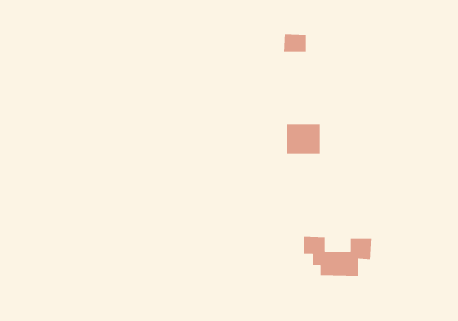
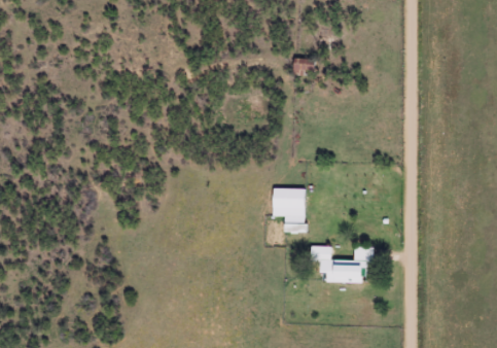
building: [286,123,321,155] -> [273,187,305,216]

